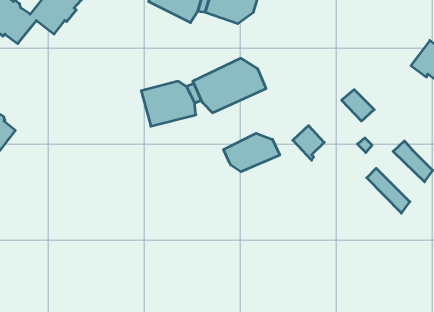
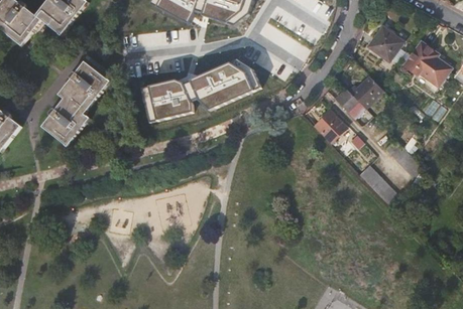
building: none -> [368,25,401,60]
building: none -> [42,62,106,145]
building: none -> [348,74,383,107]
building: [293,126,324,160] -> [315,110,345,143]
building: [224,133,280,172] -> none

